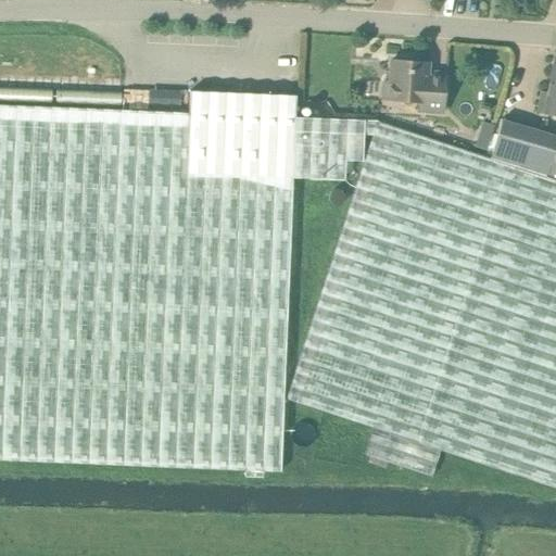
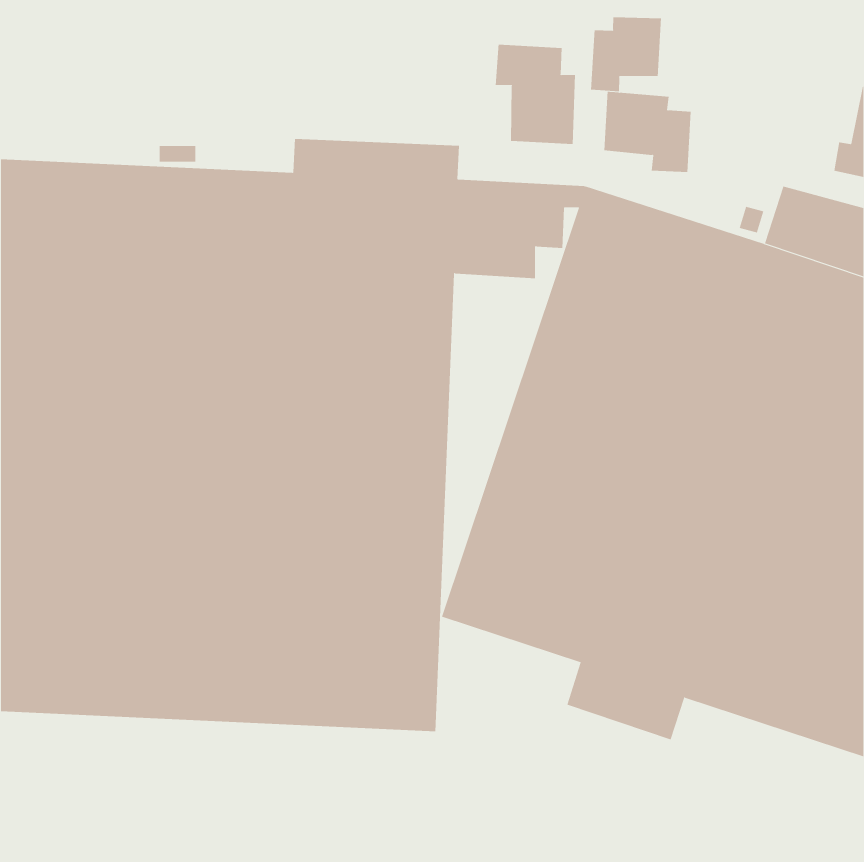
building: none -> [591,17,662,92]
building: none -> [495,44,576,145]

